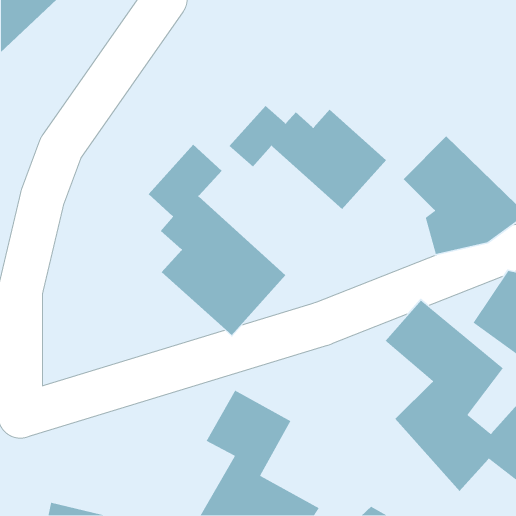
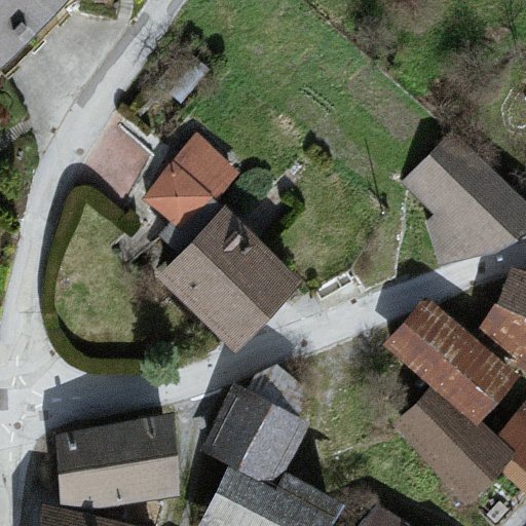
building: [228,105,387,210] -> none
building: none -> [59,421,178,504]

